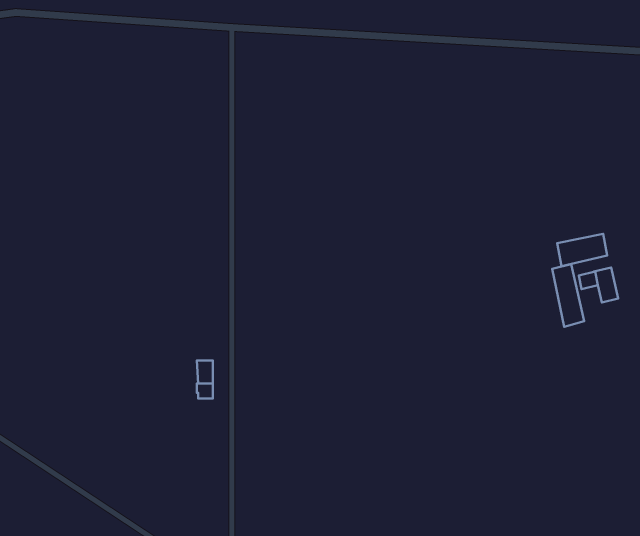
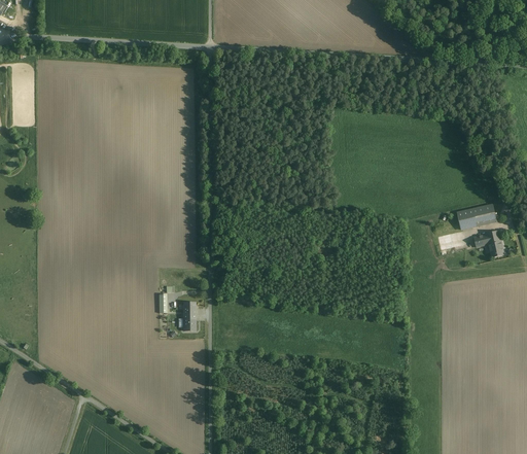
building: [552,264,584,327] -> none

